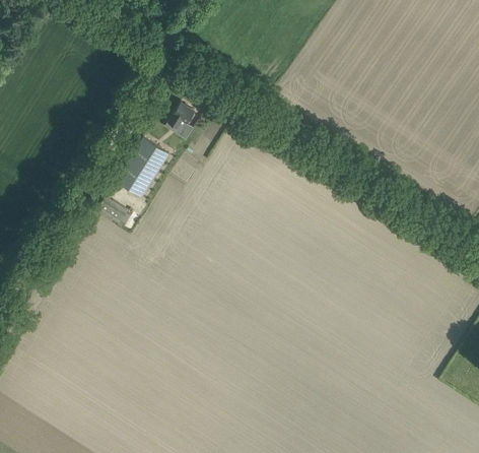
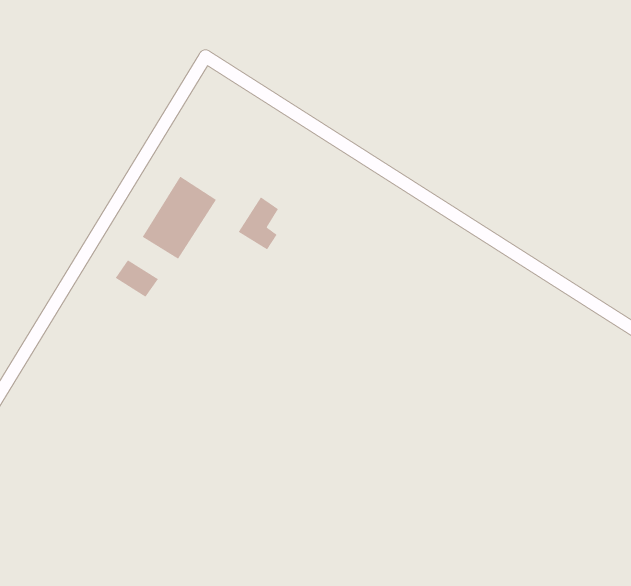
building: [165,100,195,138] -> [238,196,279,250]

